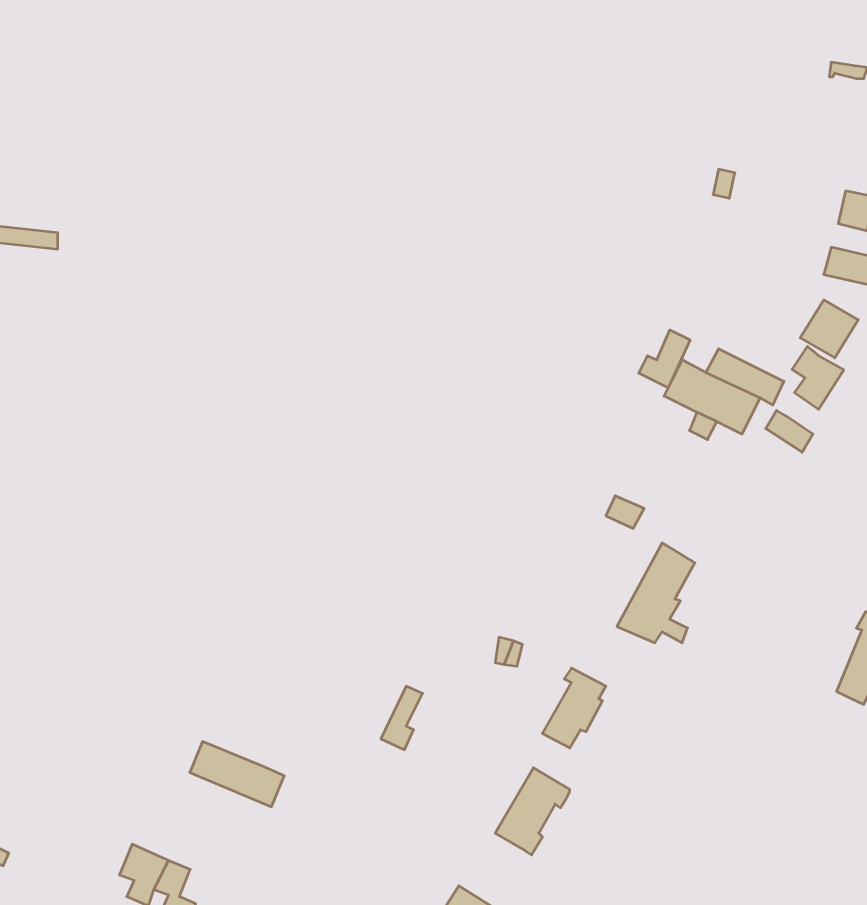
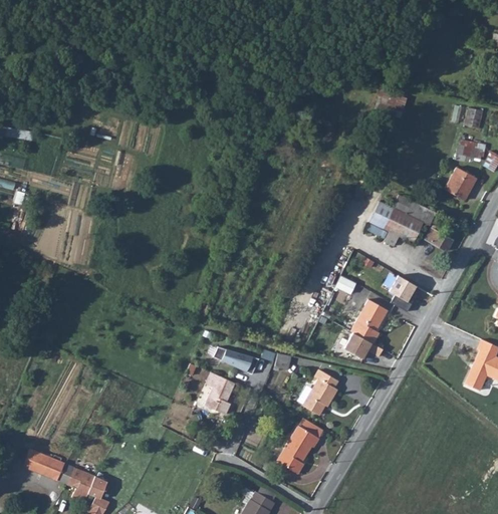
building: [639,330,690,388] -> none
building: [792,346,844,409] -> none
building: none -> [388,274,416,311]
building: none -> [213,347,259,374]
building: none -> [205,373,227,410]
building: [190,742,284,807] -> [23,449,75,485]

